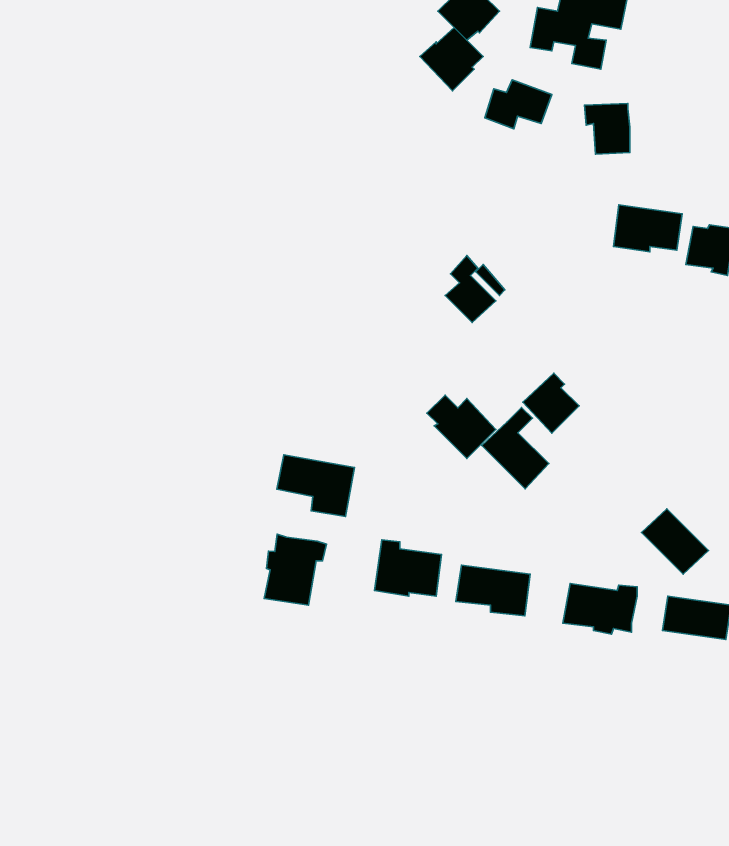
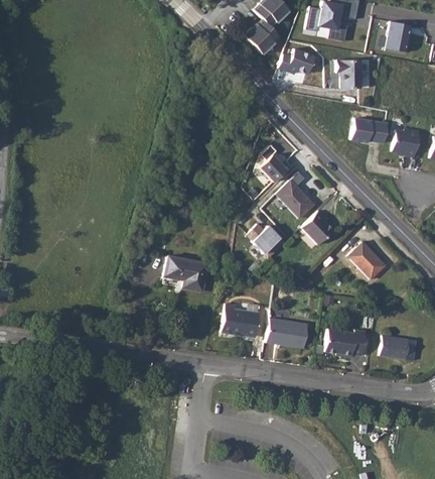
building: none -> [386,22,412,53]
building: [482,407,549,489] -> [277,173,314,219]
building: [642,509,709,574] -> [348,243,386,279]
building: [264,534,327,605] -> none

